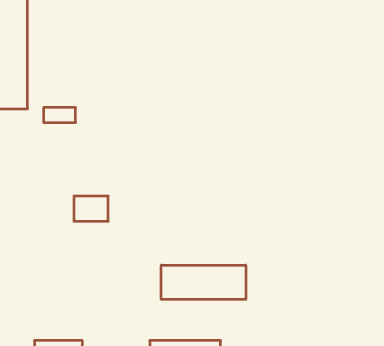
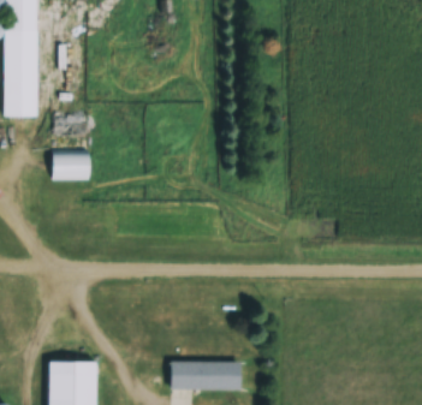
building: [74,196,108,221] -> [54,153,90,179]
building: [161,265,246,299] -> none

